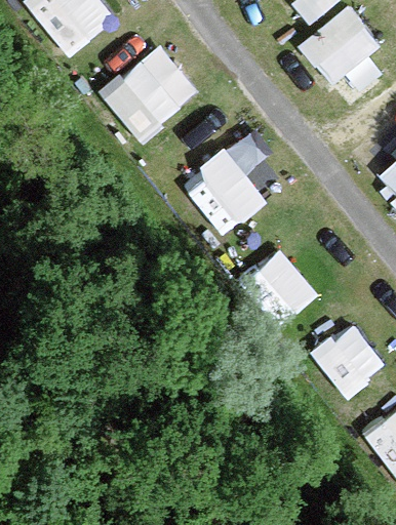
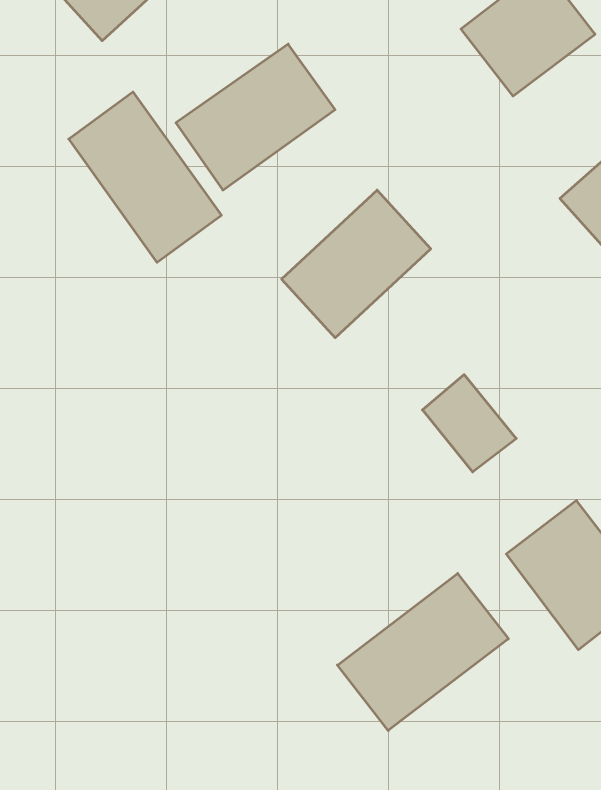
building: none -> [69,92,221,262]
building: none -> [337,573,508,731]

